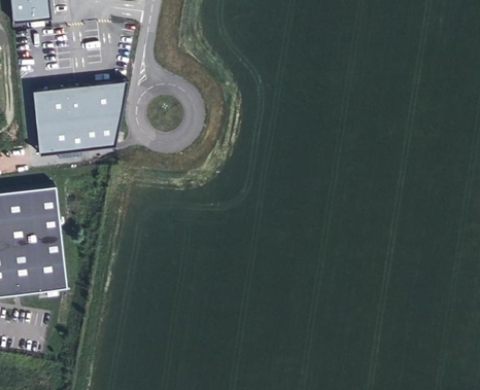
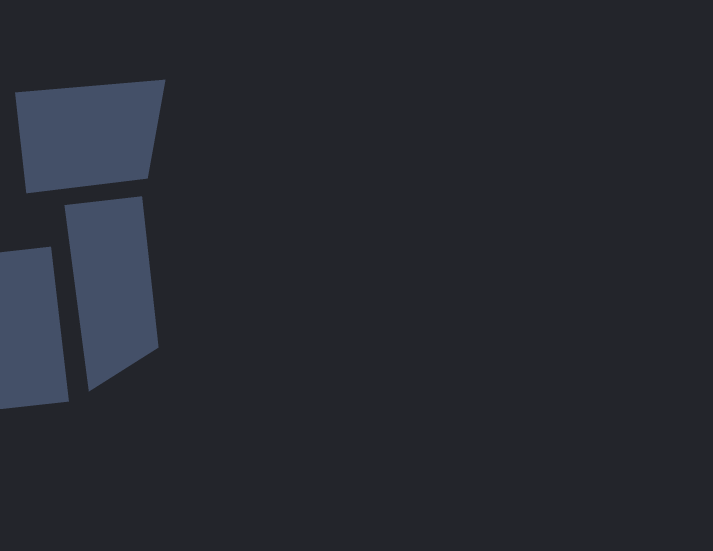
building: none -> [64,196,159,393]

